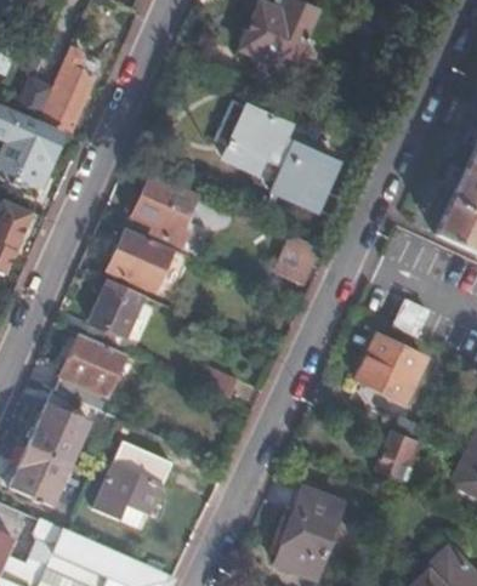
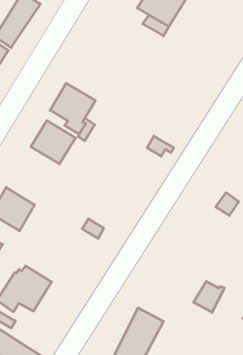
building: [223,112,333,206] -> none
building: [89,281,141,337] -> none
building: [357,336,427,402] -> none

